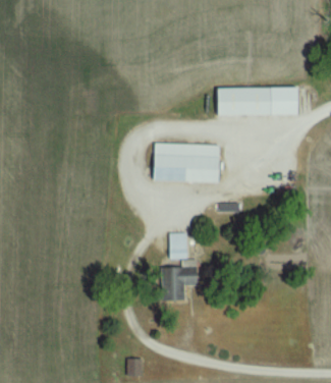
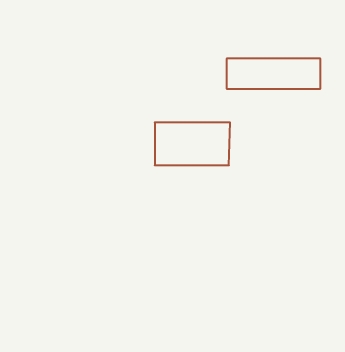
building: [169,233,185,259] -> none
building: [164,267,198,303] -> none

